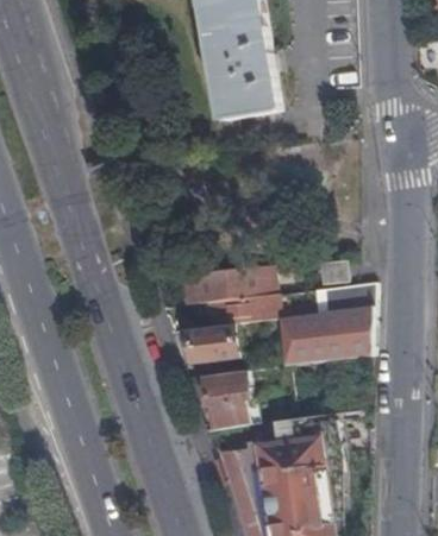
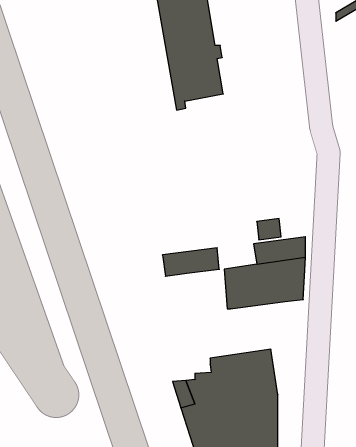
building: [180,266,271,304] -> none
building: [187,323,238,362] -> none
building: [202,368,262,429] -> none

